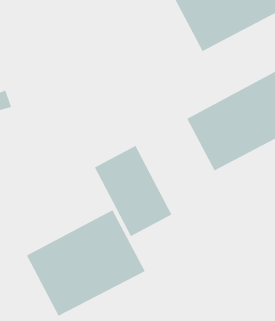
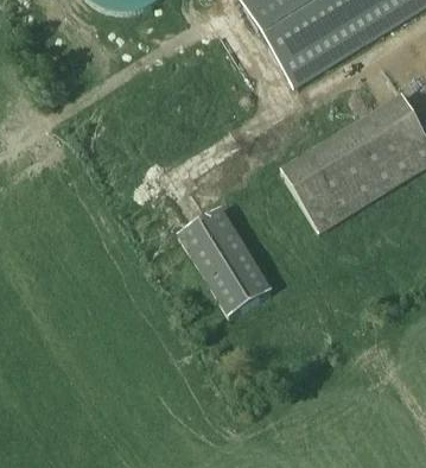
building: [26,209,146,317] -> none

